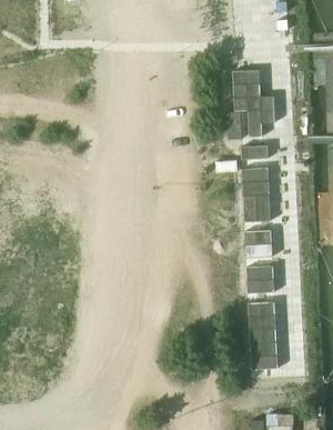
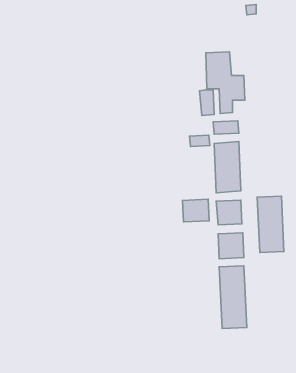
building: none -> [257,196,284,253]
building: none -> [182,199,209,222]

